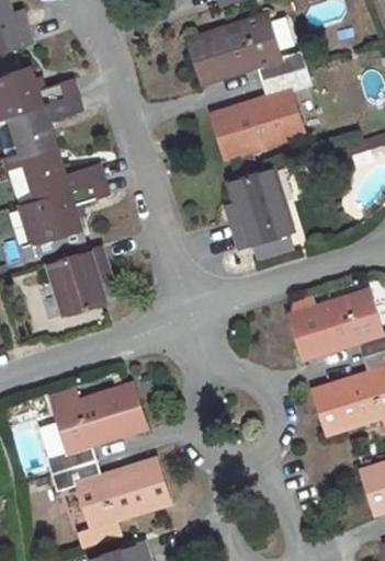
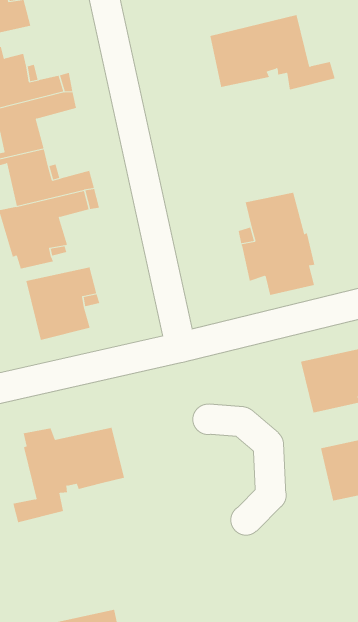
building: [212,69,306,159] -> none
building: [55,458,169,545] -> none

